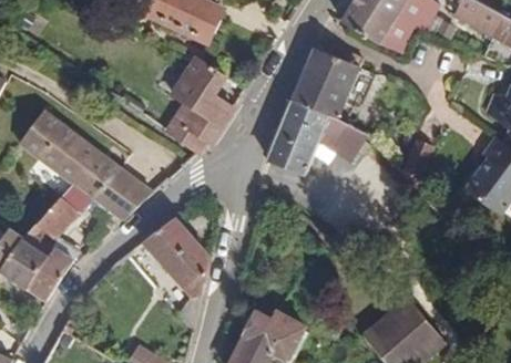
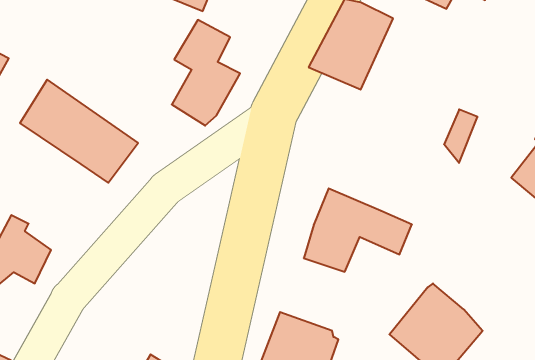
building: [259,96,356,170] -> [304,188,412,272]
building: [103,164,163,219] -> none
building: [29,197,86,300] -> none
building: [140,219,206,339] -> none

